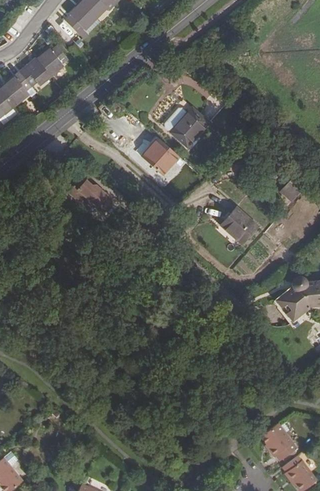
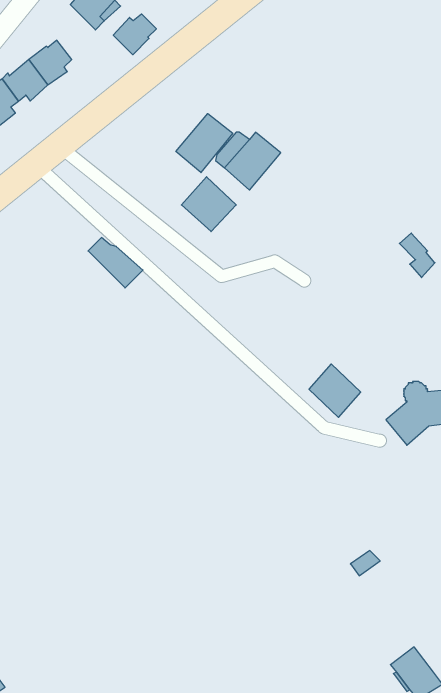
building: none -> [113,14,156,55]
building: none -> [176,114,233,173]
building: [219,209,254,245] -> [309,364,361,417]
building: [260,423,296,460] -> none

